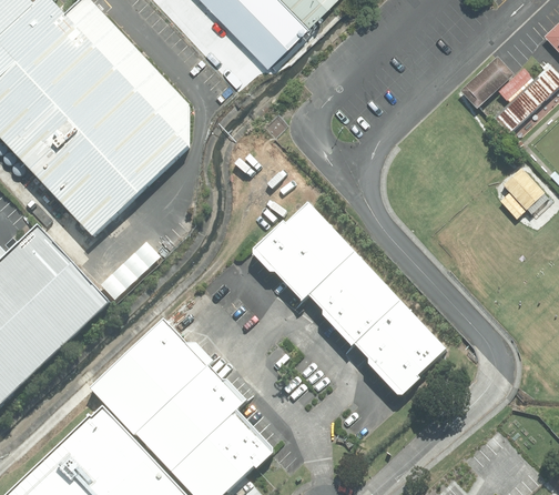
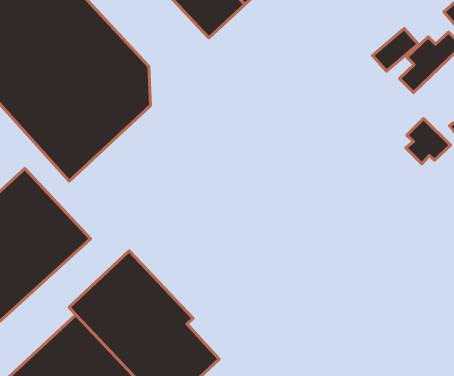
building: [254,203,451,398] -> none

